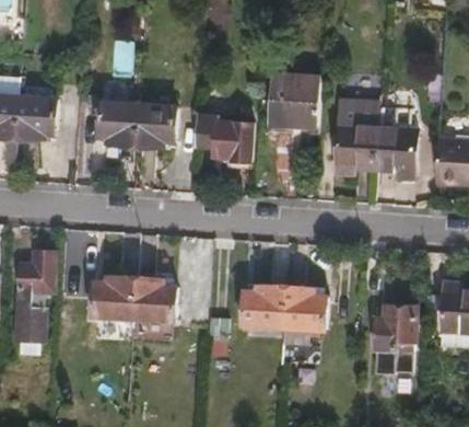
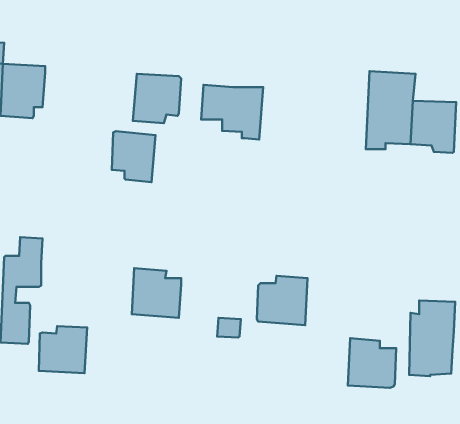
building: [269,67,320,127] -> none
building: [97,103,136,148] -> [112,131,155,182]
building: [91,277,133,319] -> [39,326,87,373]
building: [284,287,327,331] -> [348,338,396,388]

